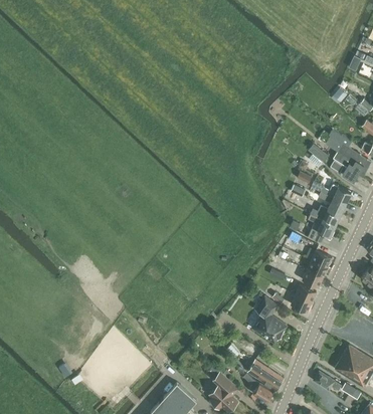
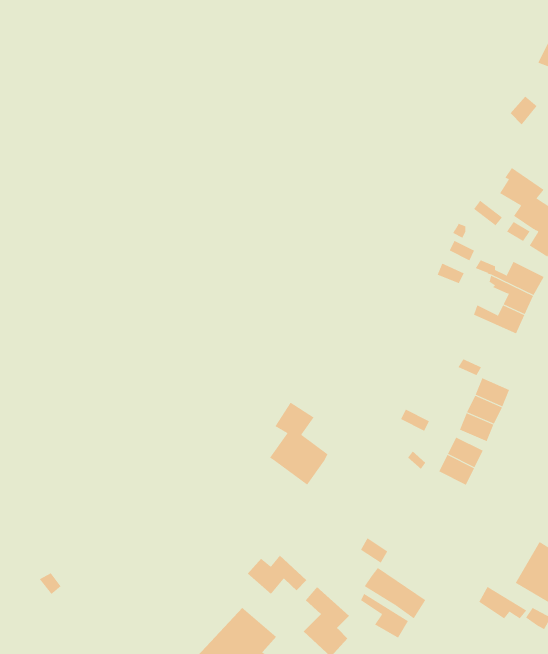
building: [308,214,336,242] -> none
building: [252,295,287,344] -> [269,402,328,485]
building: none -> [247,555,307,595]

